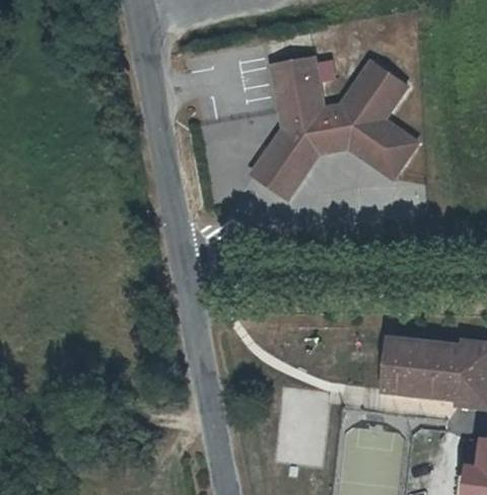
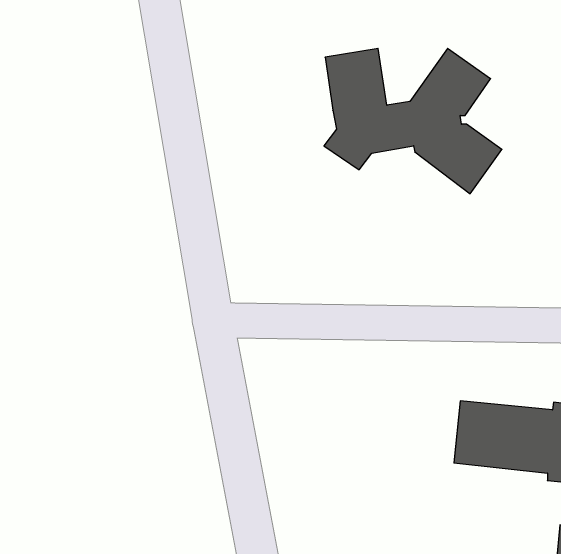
building: [256,138,348,191] -> none

